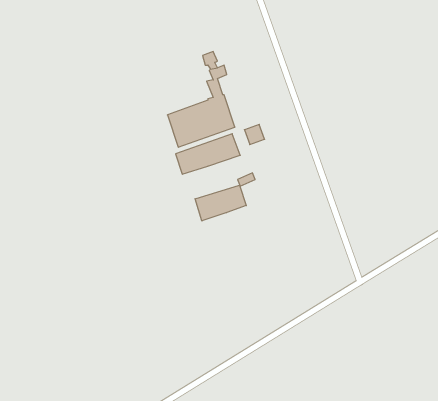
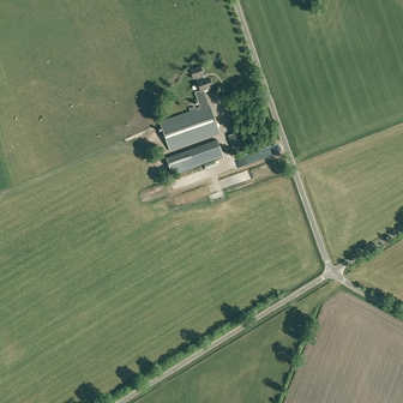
building: [195,185,246,221] -> none

